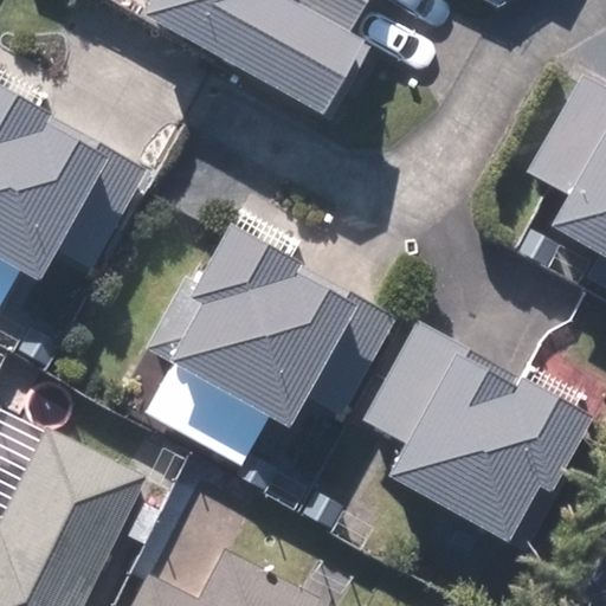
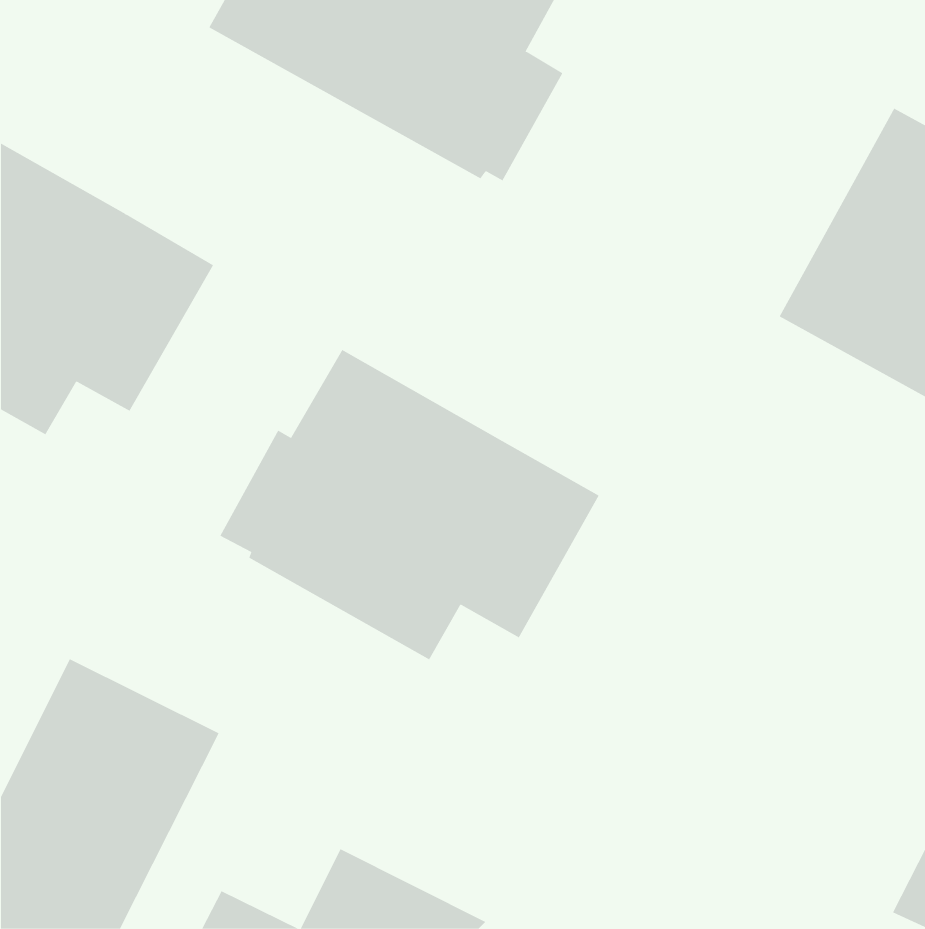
building: [365,323,587,542] -> none

